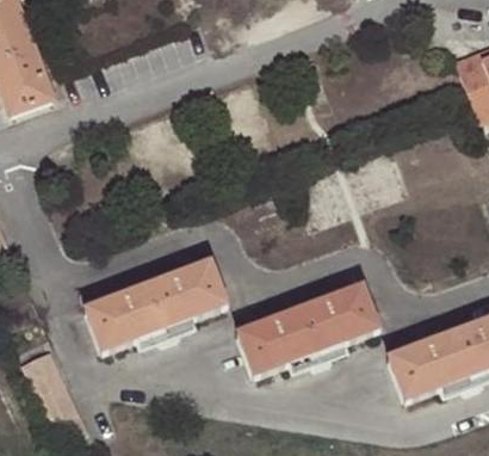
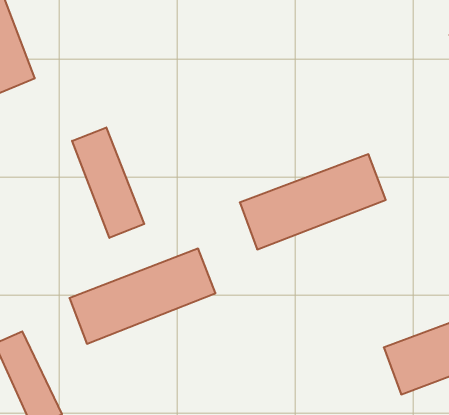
building: none -> [72,127,144,238]
building: [236,283,377,375] -> [240,154,386,249]

